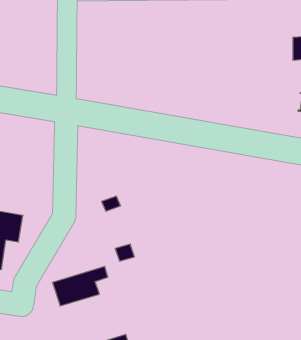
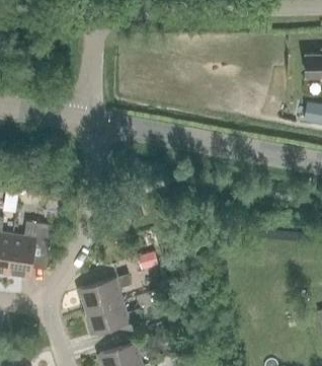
building: none -> [85,300,142,335]

